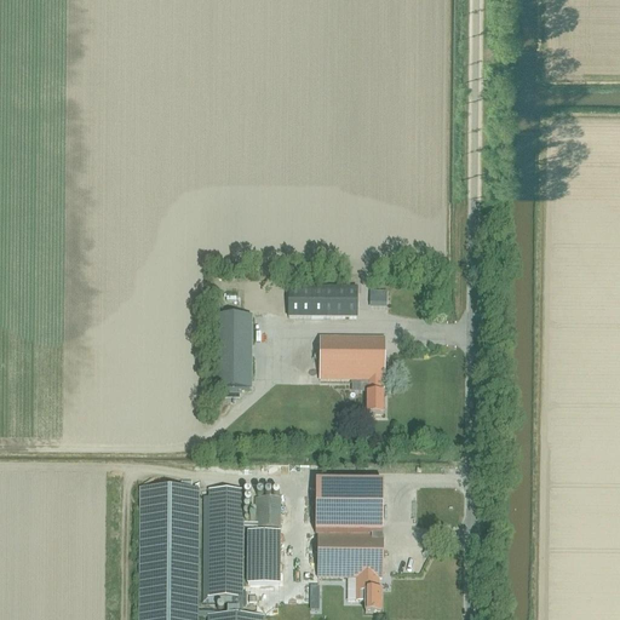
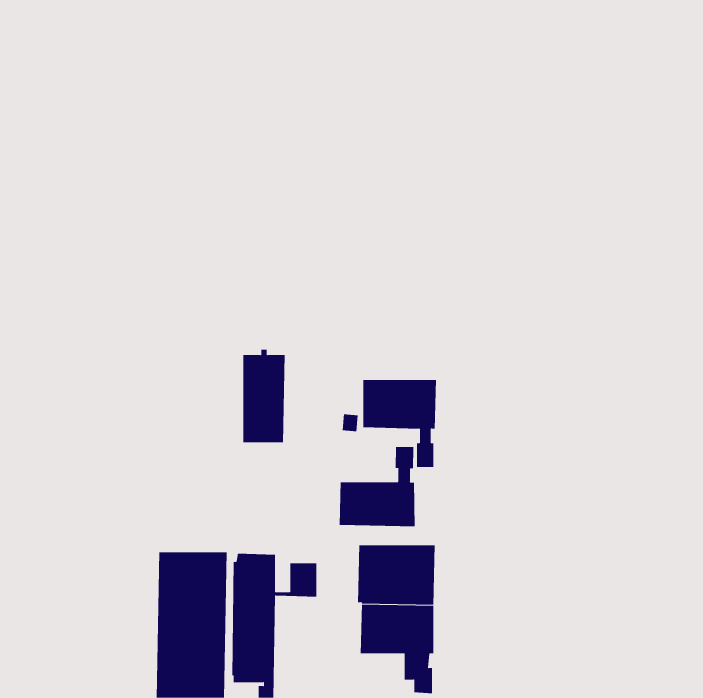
building: [288,282,357,315] -> none
building: none -> [339,446,415,527]
building: [247,528,280,581] -> none

